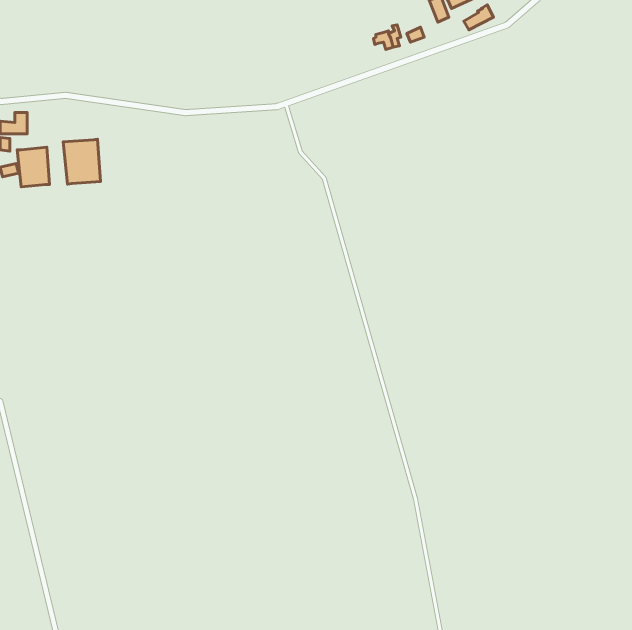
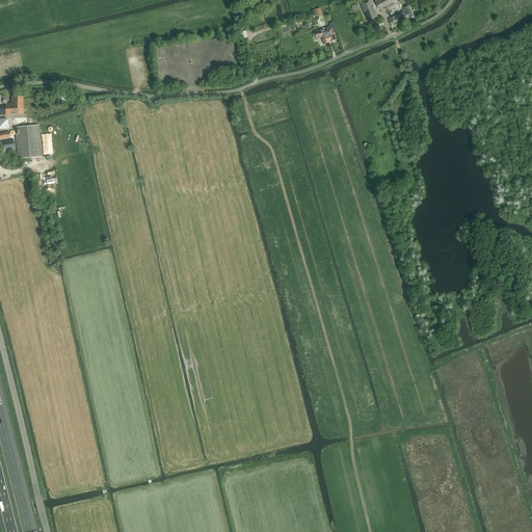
building: [63,139,100,184] -> none

